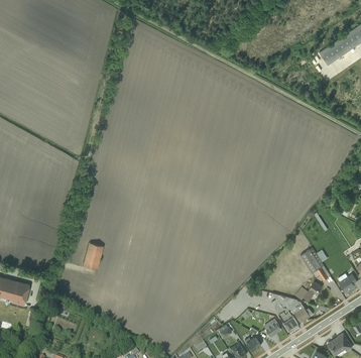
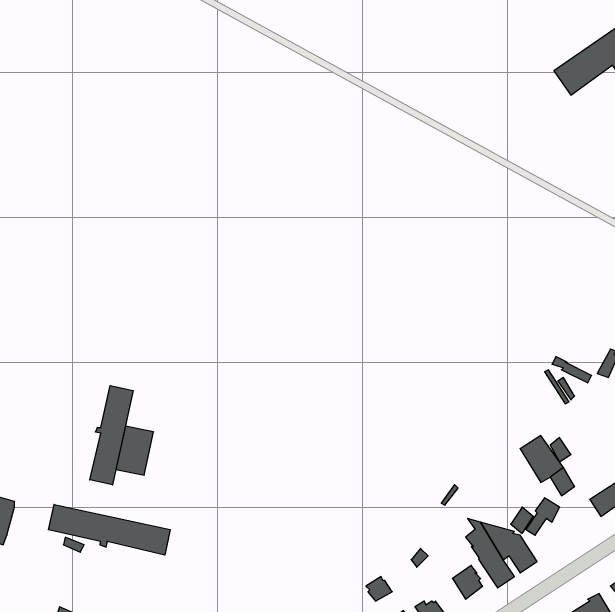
building: none -> [90,386,133,485]
building: none -> [49,504,170,555]

